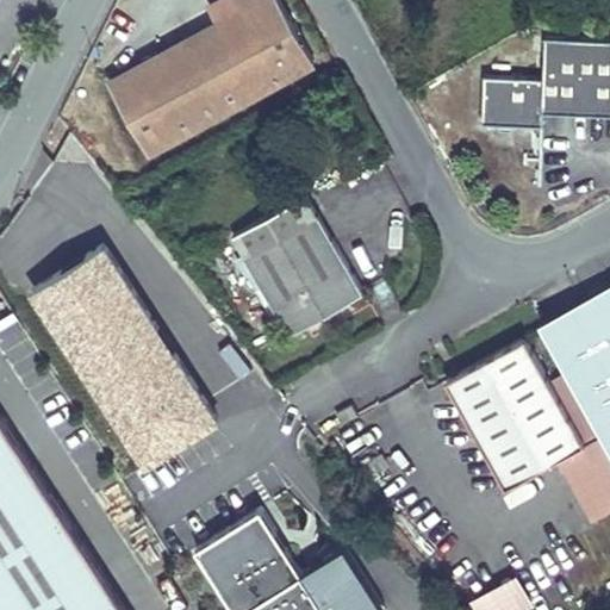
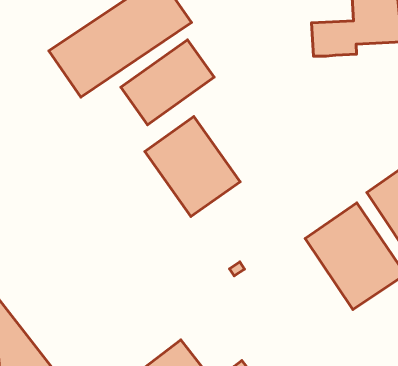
building: none -> [121,40,214,125]
building: [29,244,217,477] -> none

